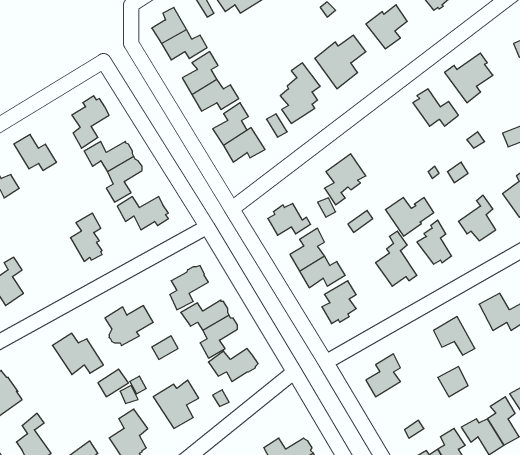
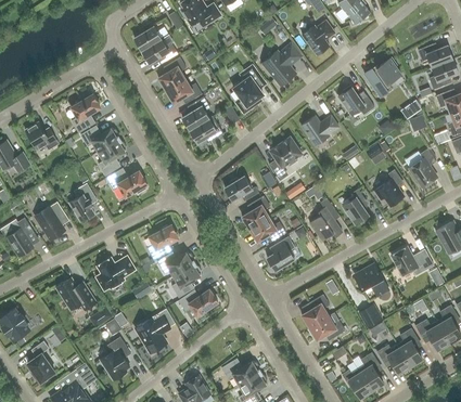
building: [385,197,434,236] -> [300,115,338,145]
building: none -> [35,202,65,239]
building: none -> [309,312,345,339]

